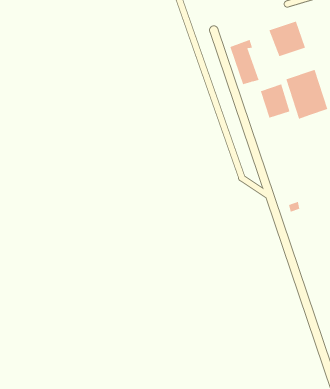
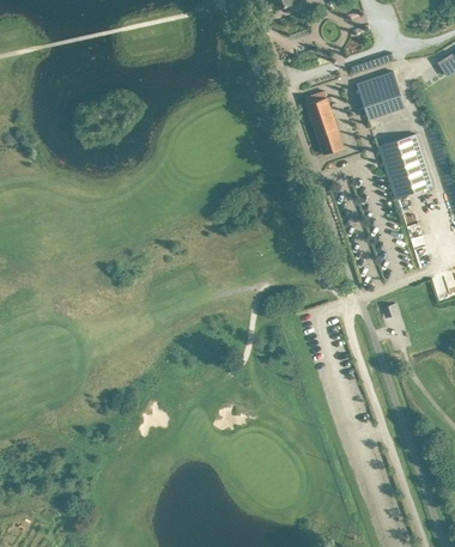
building: [260,84,290,119] -> none

